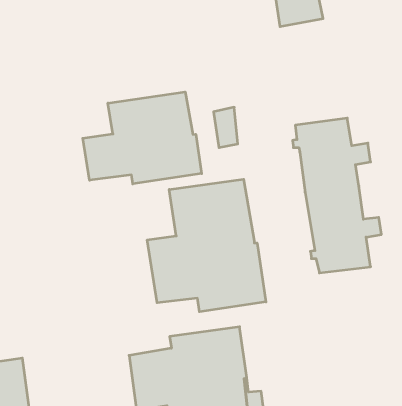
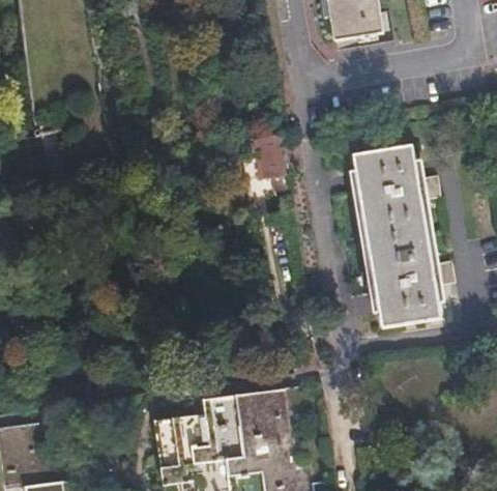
building: [83,92,202,184] -> none
building: [147,179,266,312] -> none

